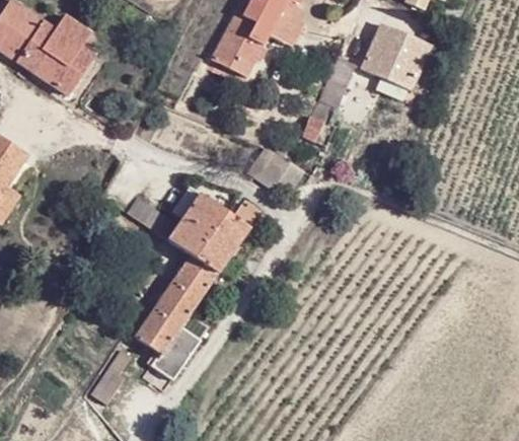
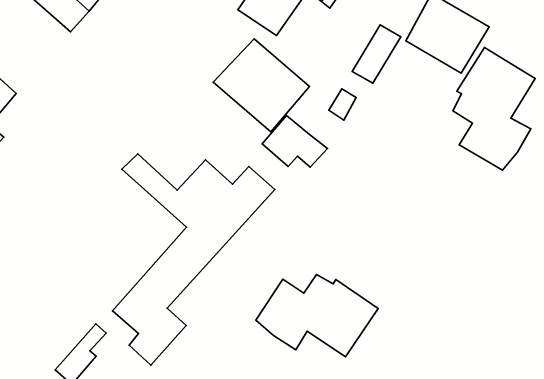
building: none -> [453,47,535,170]
building: none -> [213,39,310,132]
building: none -> [256,274,378,357]

